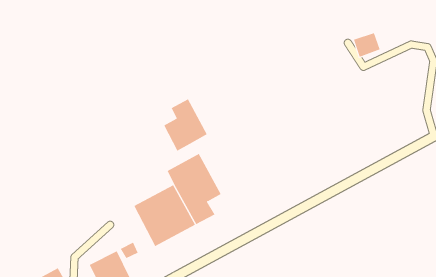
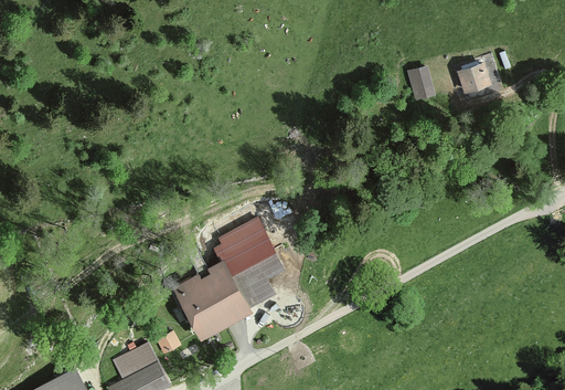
building: none -> [407,68,434,99]
building: [163,98,208,151] -> none

